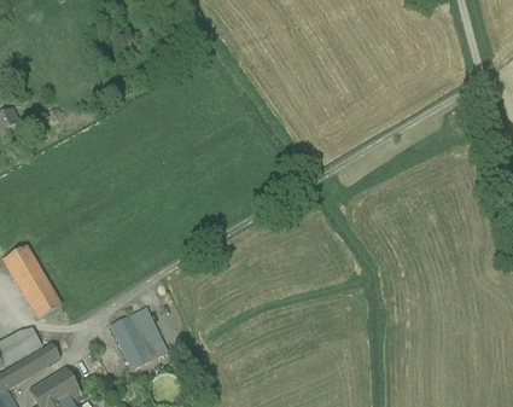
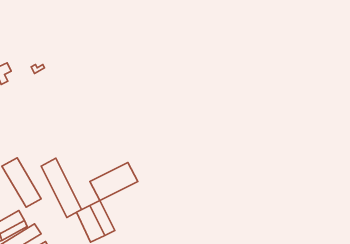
building: none -> [41,158,81,217]
building: none -> [90,163,138,201]

